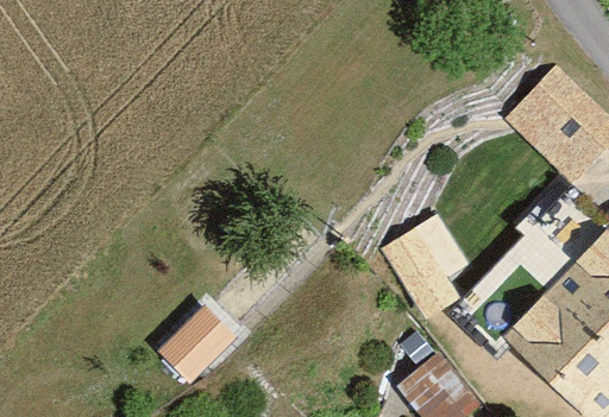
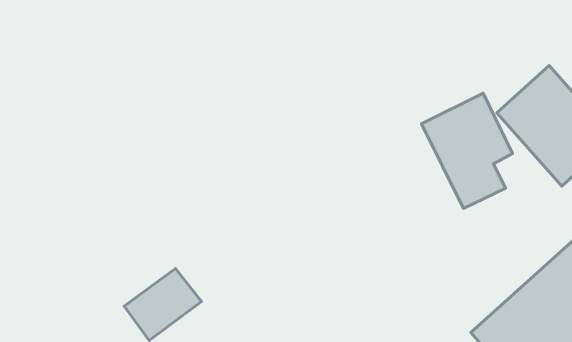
building: [377,211,469,326] -> [422,93,513,208]

